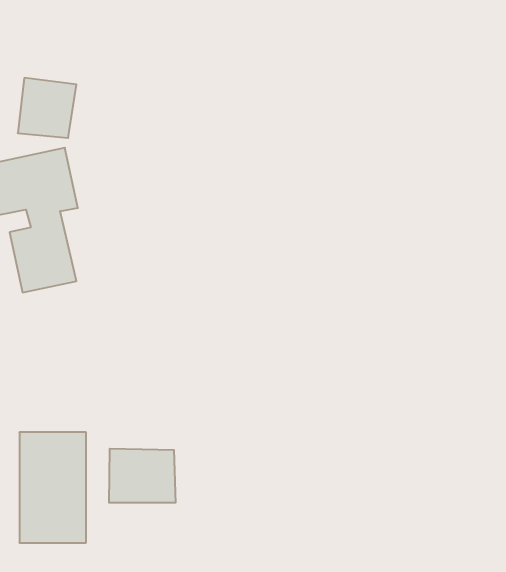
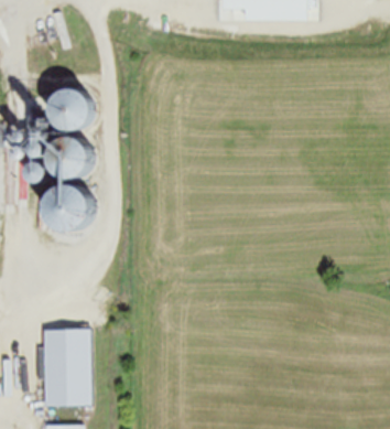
building: [109,449,176,503] -> none

